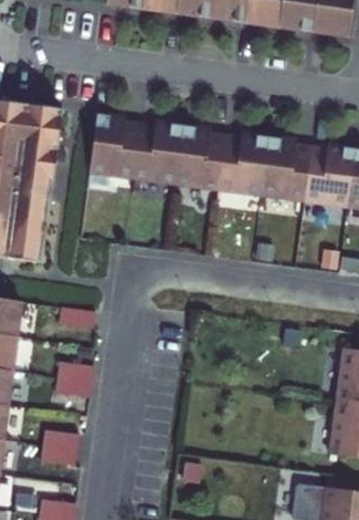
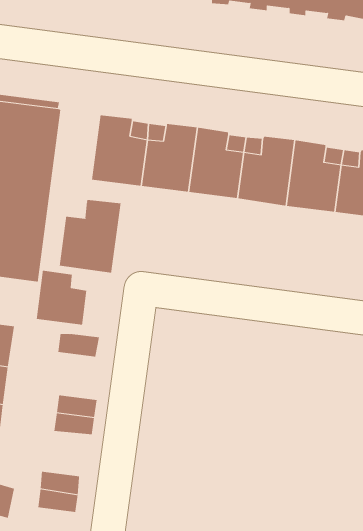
building: none -> [59,199,121,274]
building: none -> [36,270,87,326]

